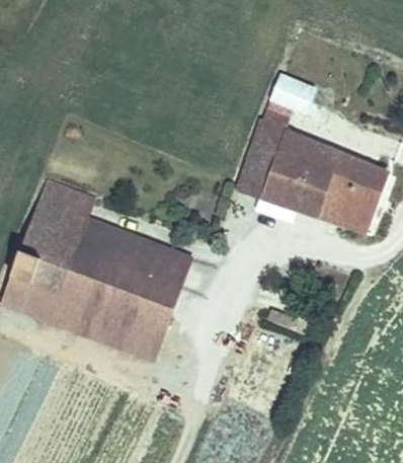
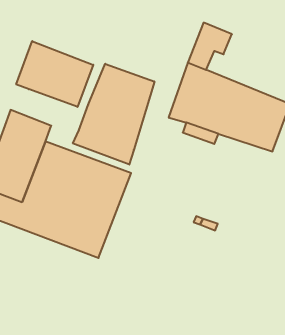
building: none -> [16,41,93,107]
building: none -> [73,64,154,165]

